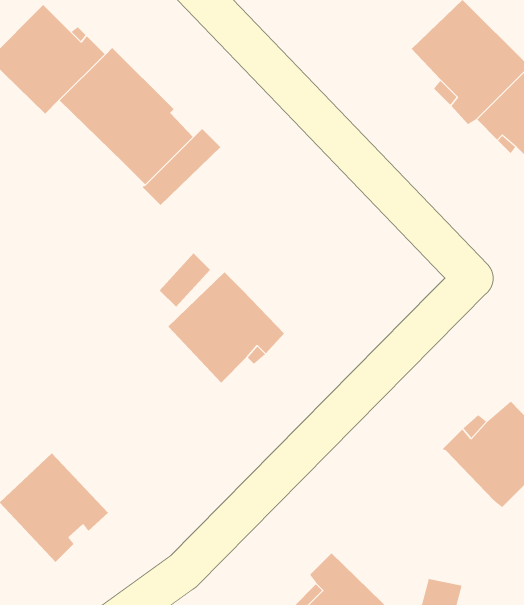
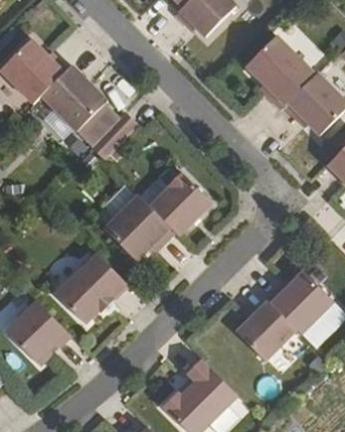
building: none -> [149,172,209,235]
building: none -> [56,256,128,324]
building: none -> [235,300,295,361]

